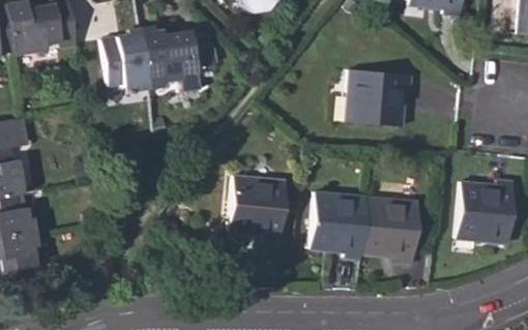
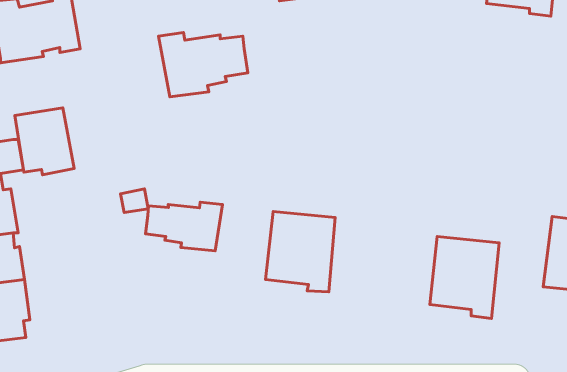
building: [100,32,149,87] -> [15,108,74,175]
building: [346,69,413,127] -> none
building: none -> [146,202,223,251]
building: [310,190,369,260] -> none

